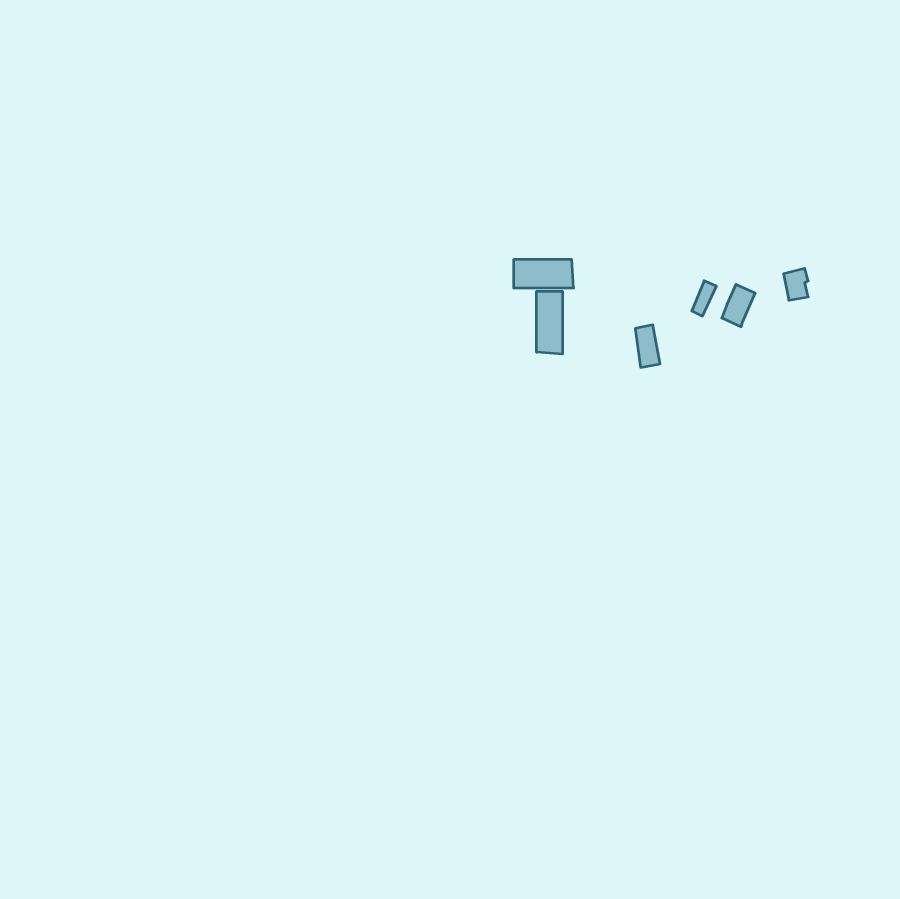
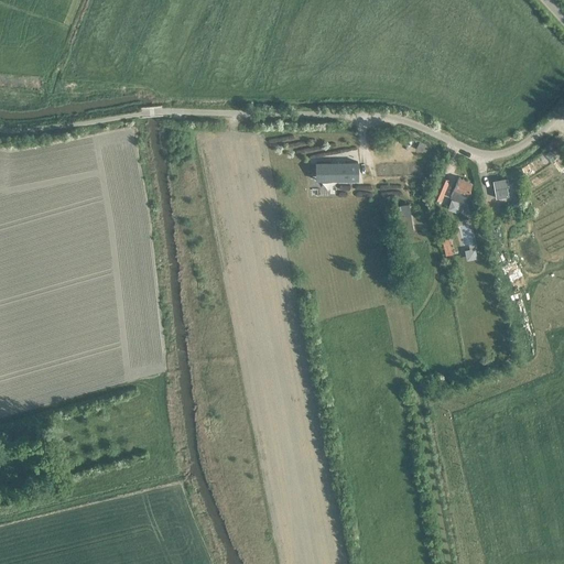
building: [537,291,562,354] -> none

